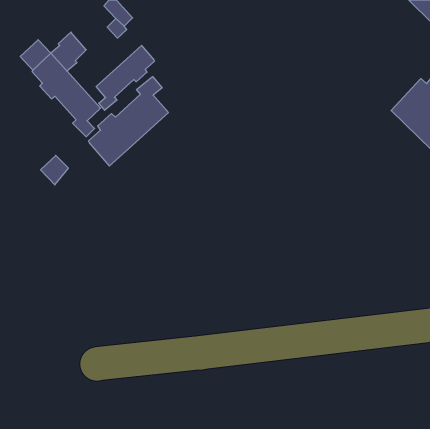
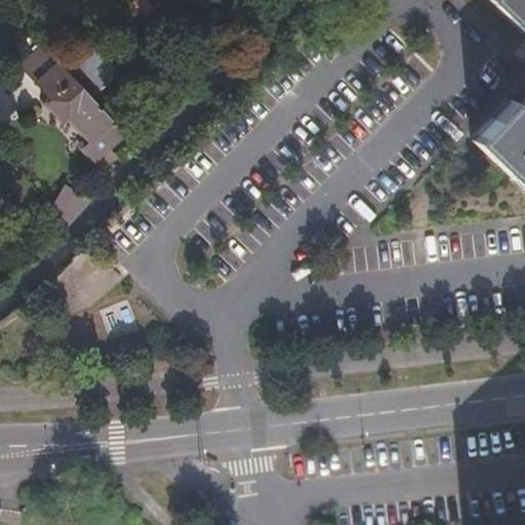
building: [96,45,154,110] -> none
building: [89,77,168,166] -> none

